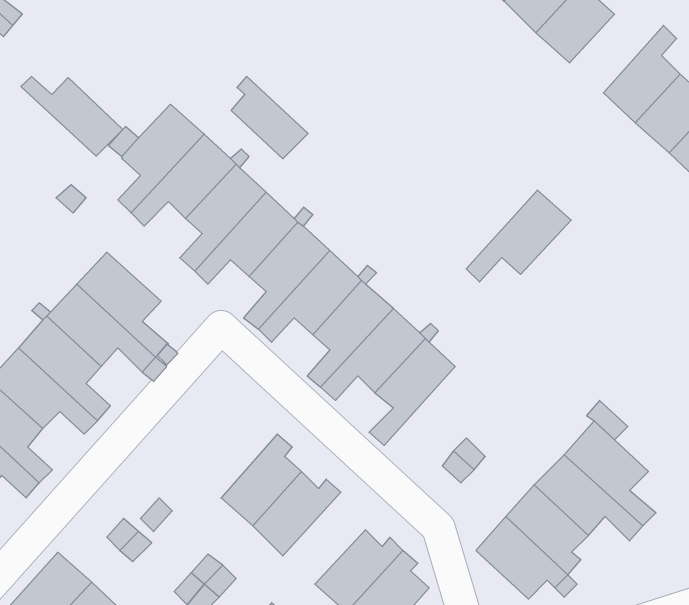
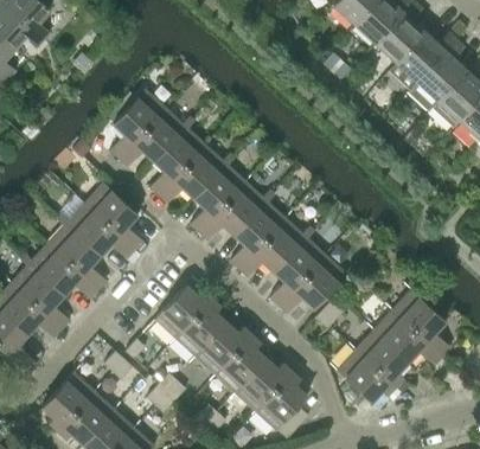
building: none -> [396,32,455,82]
building: [21,76,123,156] -> none
building: [231,76,308,159] -> none
building: [466,190,571,282] -> [279,255,345,313]
building: none -> [154,284,211,338]
building: none -> [215,334,267,392]

